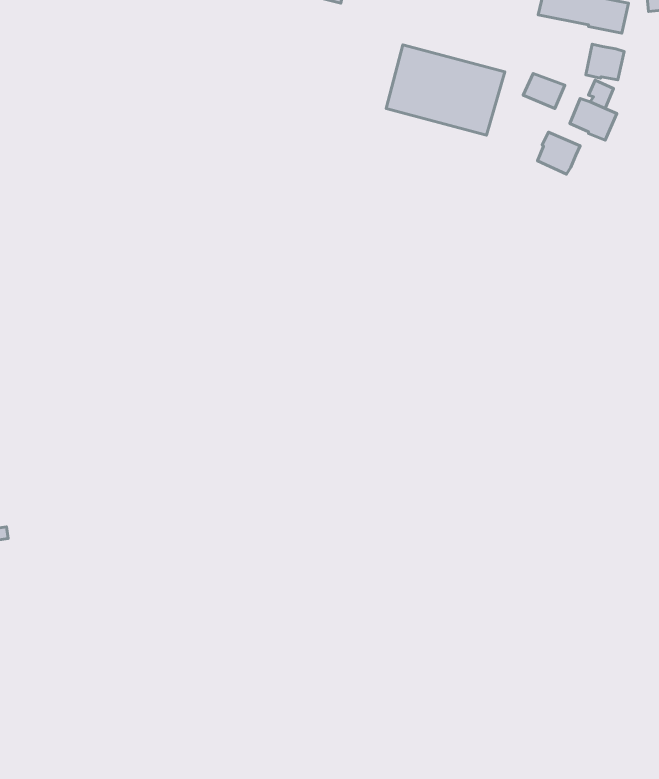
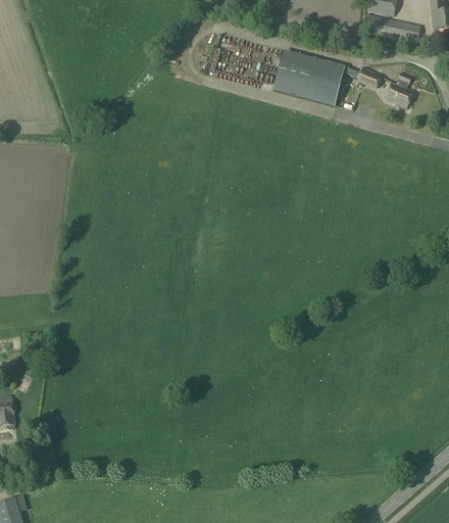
building: [586,44,624,80] -> none
building: [538,132,580,174] -> none

